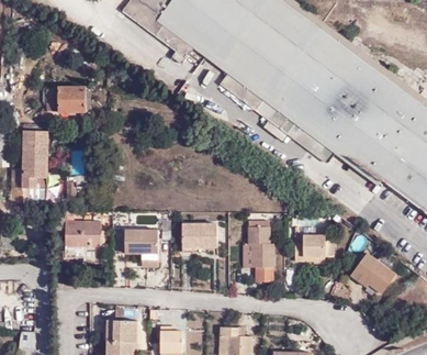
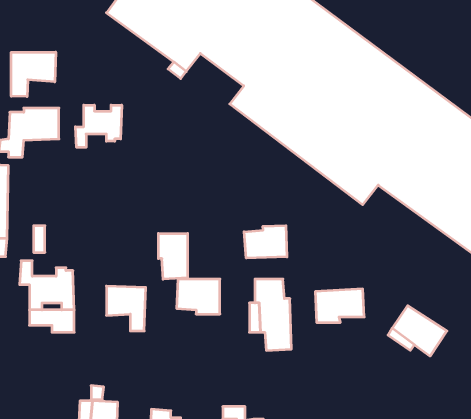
building: none -> [11,52,56,97]
building: none -> [75,105,122,147]
building: none -> [244,226,287,258]
building: none -> [158,233,188,279]

